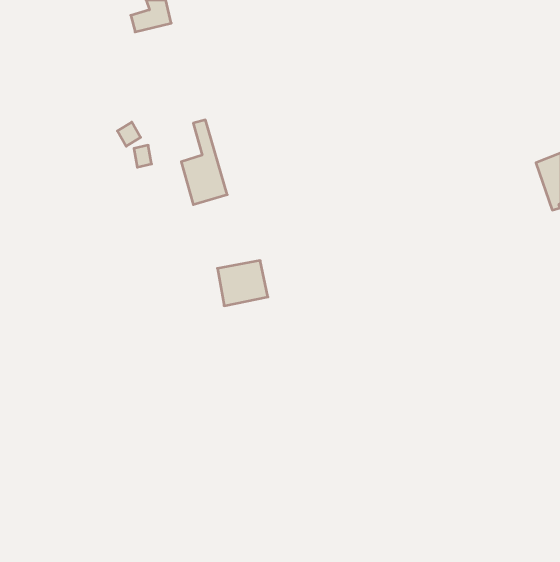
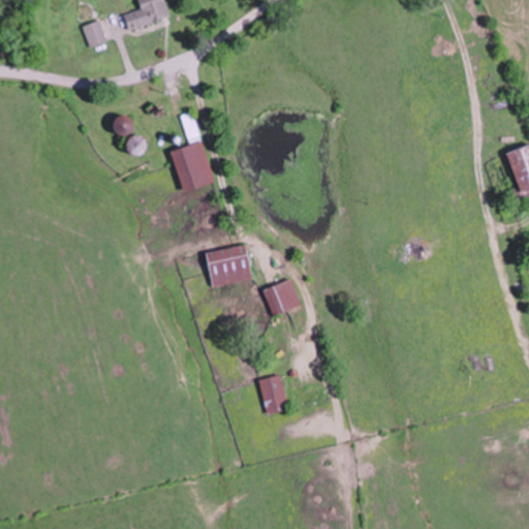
building: none -> [84,20,108,48]
building: none -> [263,278,303,316]
building: none -> [260,374,290,414]

